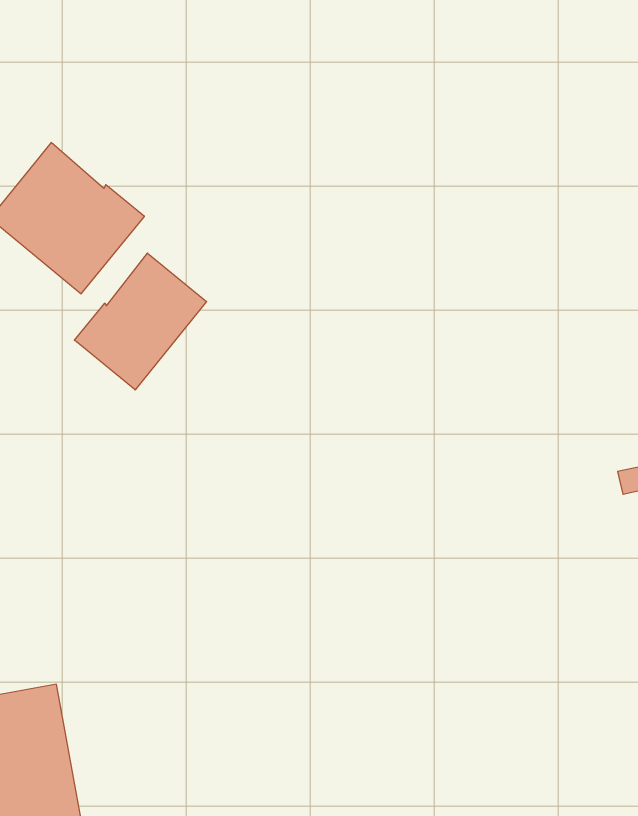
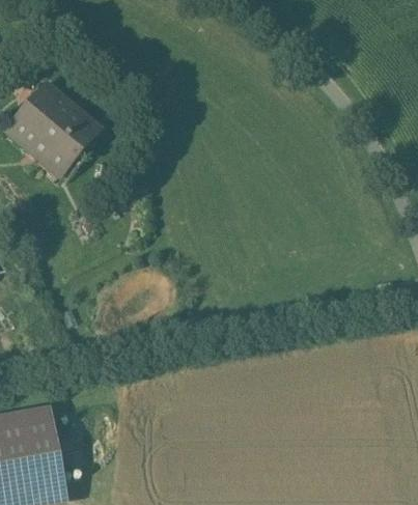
building: [74,253,207,390] -> none

